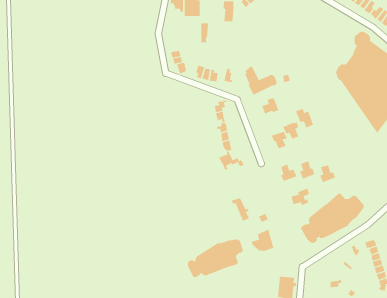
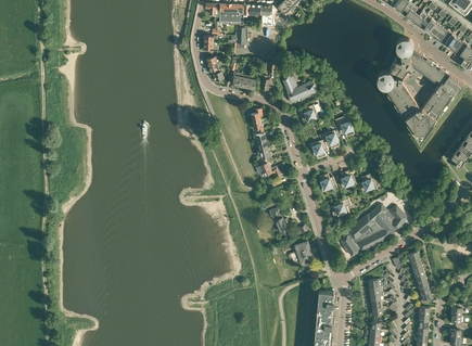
building: [187,239,244,278] -> none

